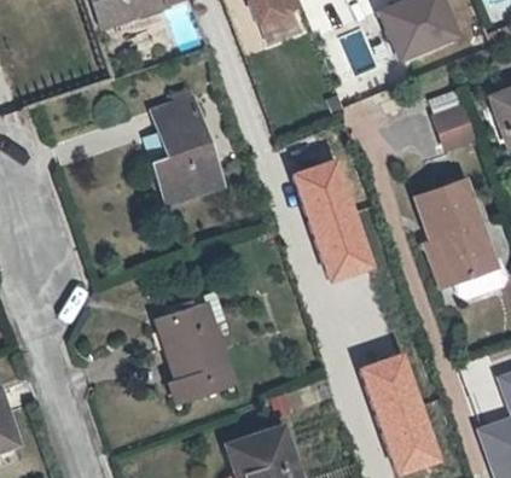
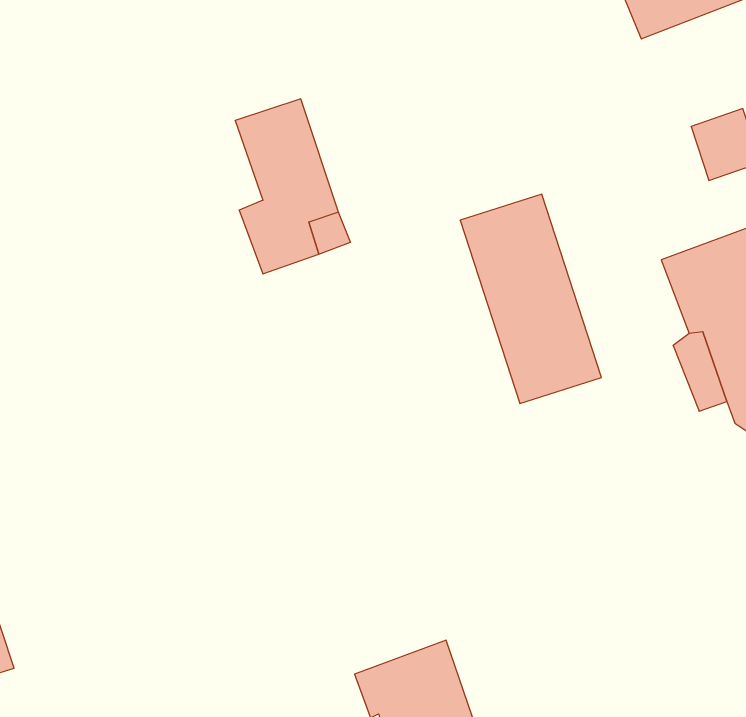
building: [156,296,237,409] -> none
building: [365,354,430,459] -> none

